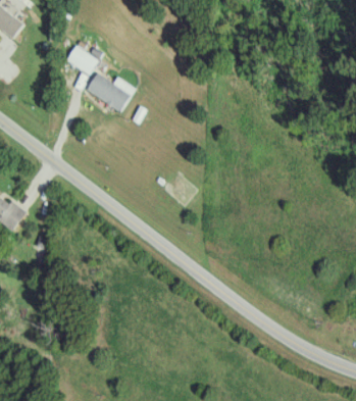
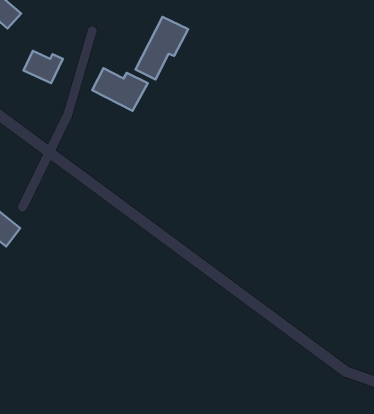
building: none -> [136,17,188,79]
building: [66,46,101,74] -> [23,51,63,83]

